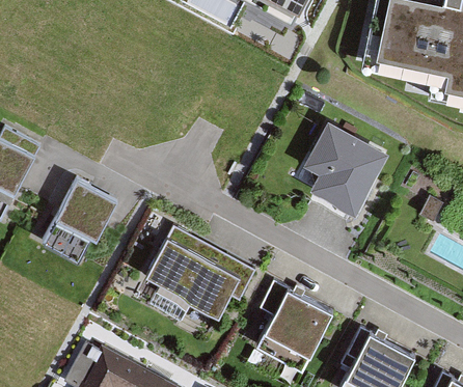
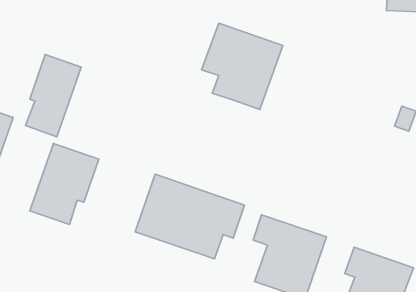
building: none -> [26,55,81,137]
building: [303,122,388,215] -> [201,23,283,110]

